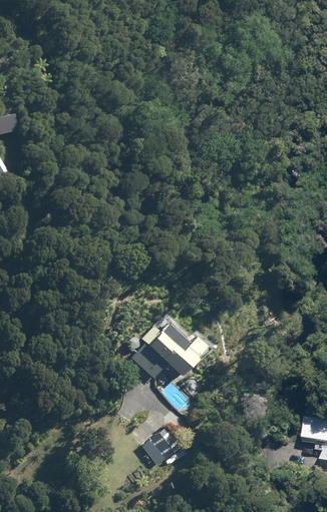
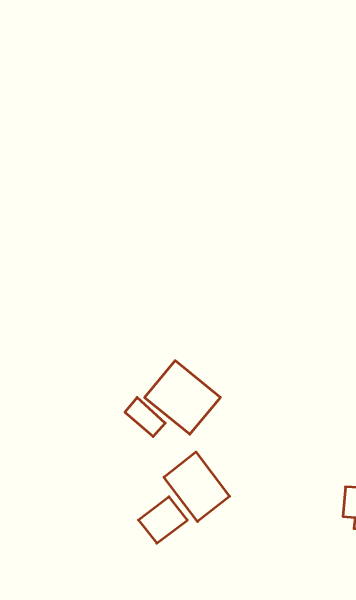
building: none -> [164,452,230,522]

